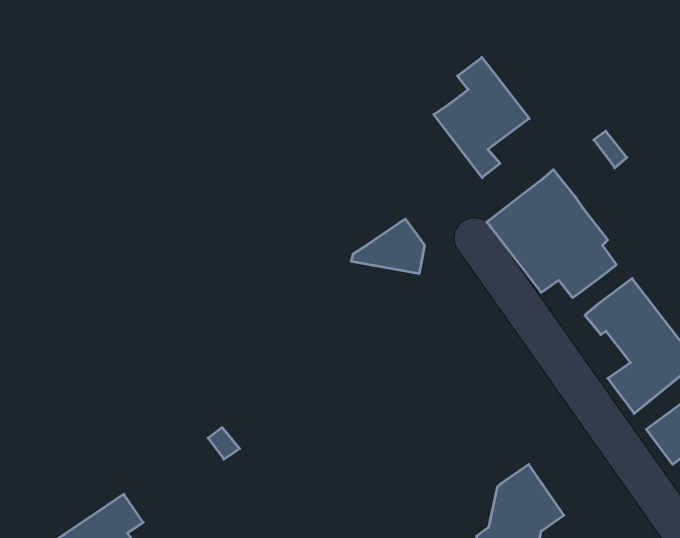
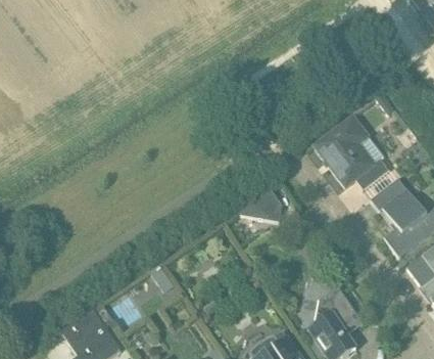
building: [434,57,529,178] -> none
building: [351,219,425,273] -> [239,189,282,221]

